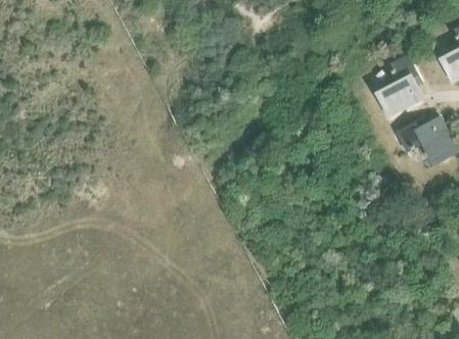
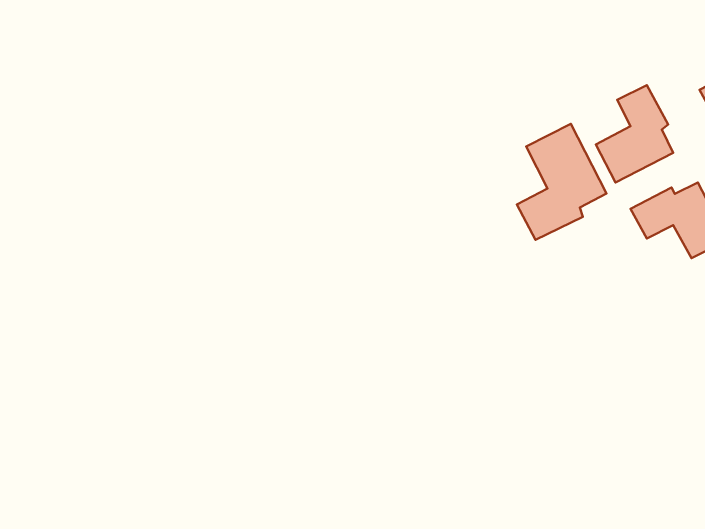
building: none -> [517,124,606,240]

